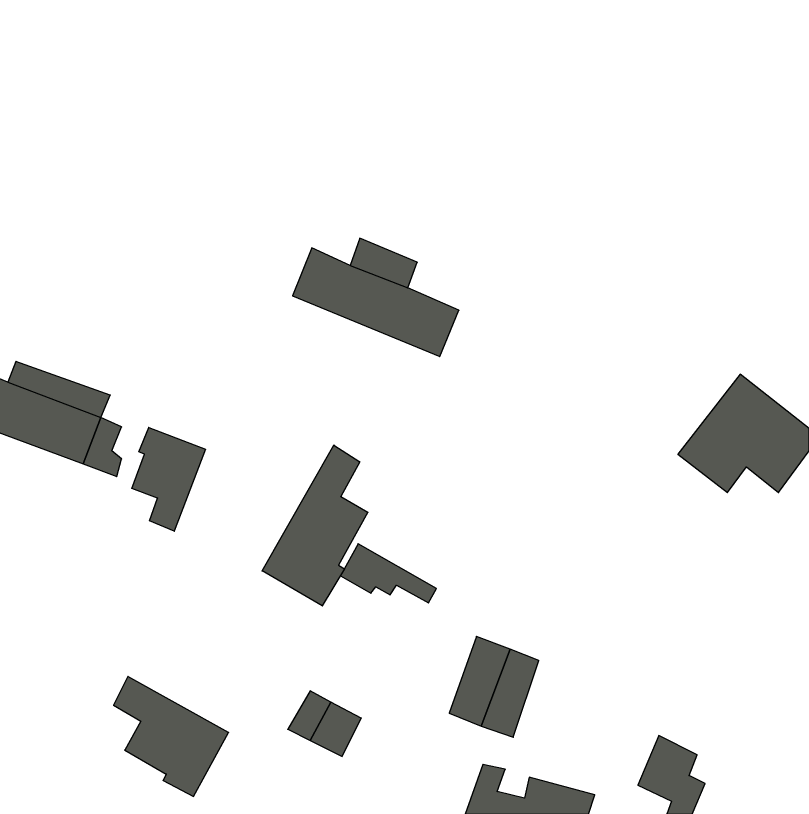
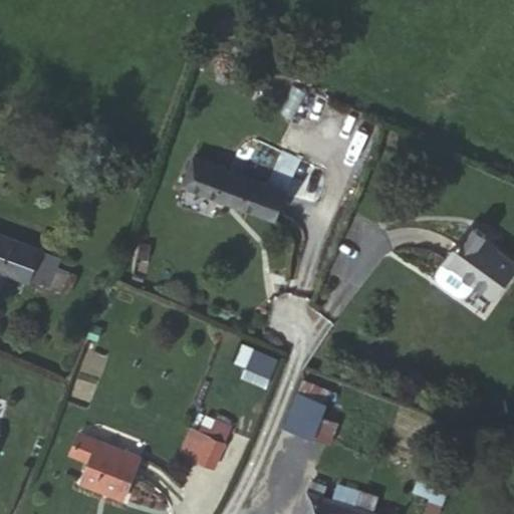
building: [132,427,205,531] -> none
building: [262,445,368,606] -> none

